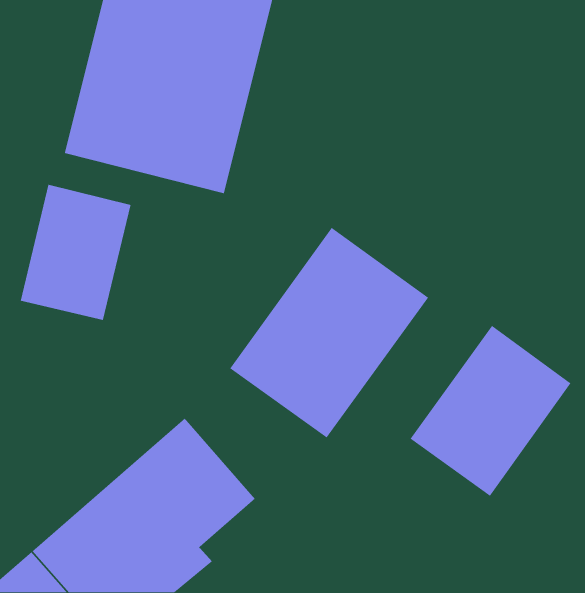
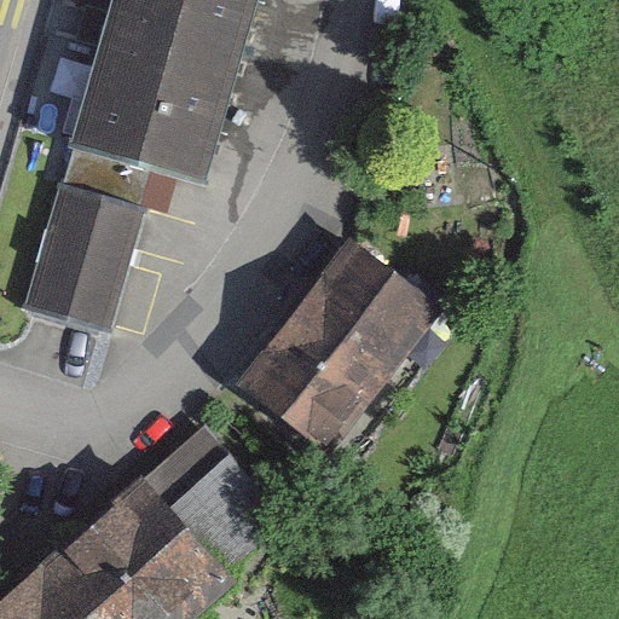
building: [409,325,572,497] -> none

